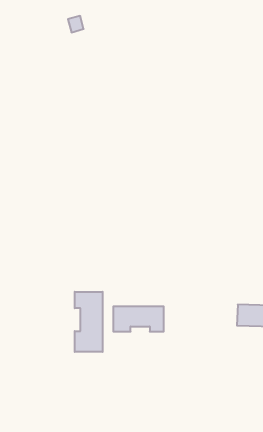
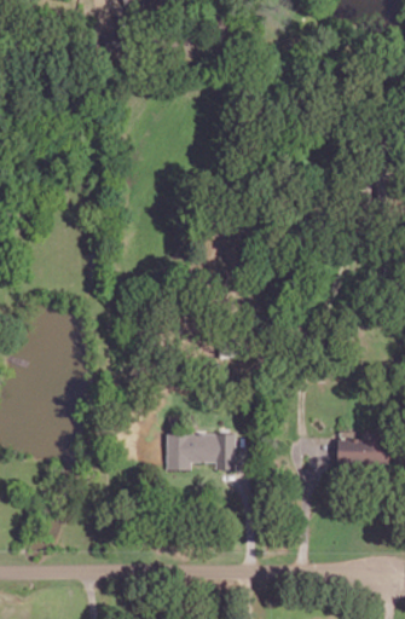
building: [75,292,103,352] -> none

